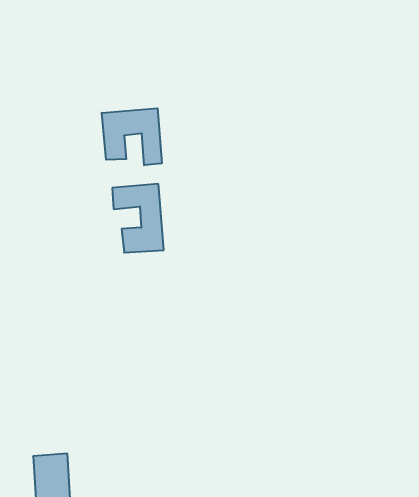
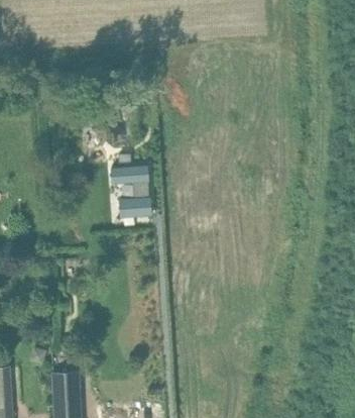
building: [102,108,162,165] -> none

